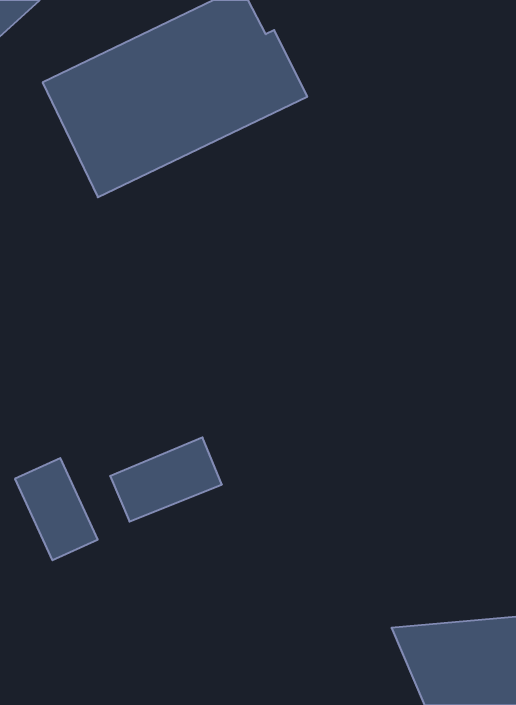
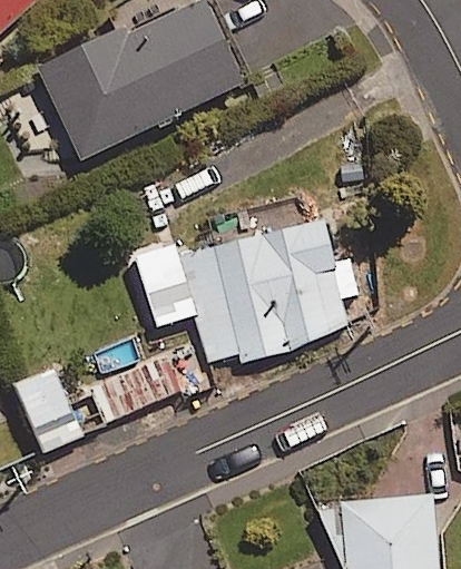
building: none -> [179,219,350,367]

